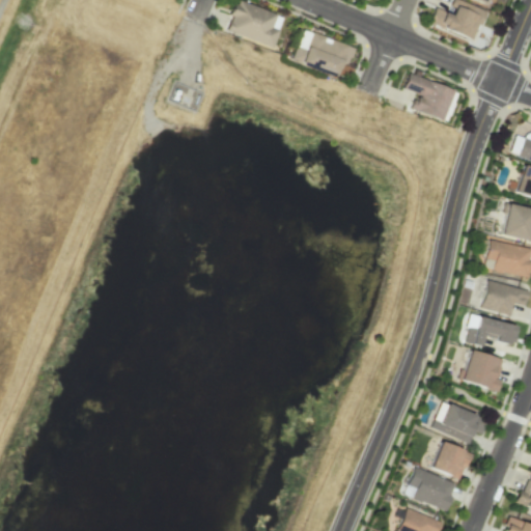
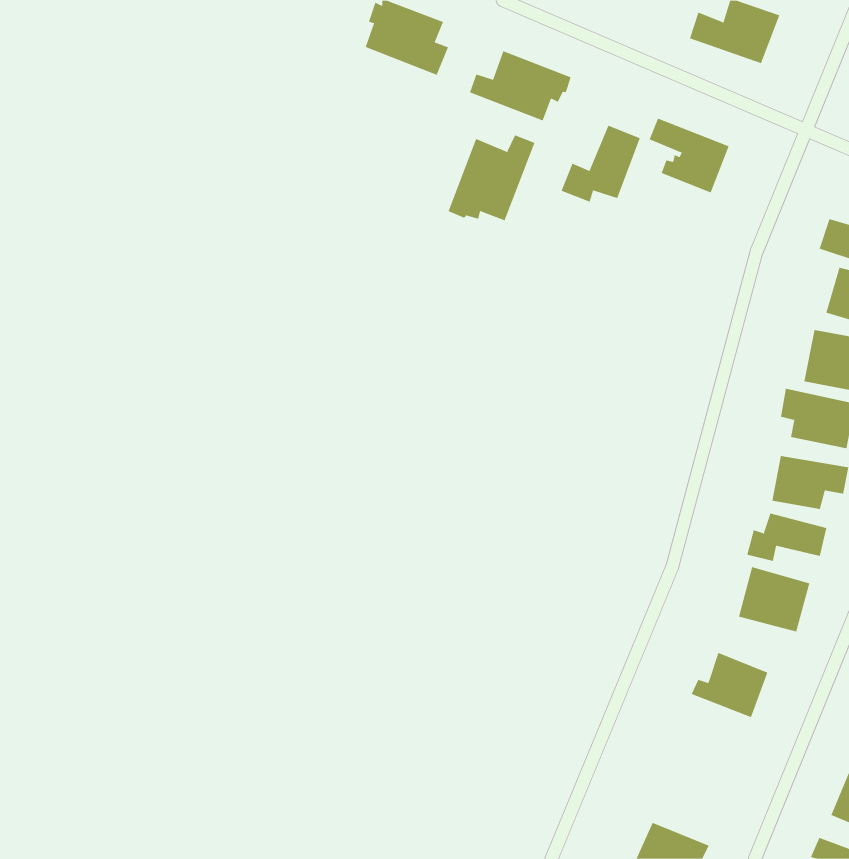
building: none -> [561,125,641,202]
building: none -> [448,134,535,221]
building: [431,441,473,480] -> none
building: [410,467,458,511] -> none

